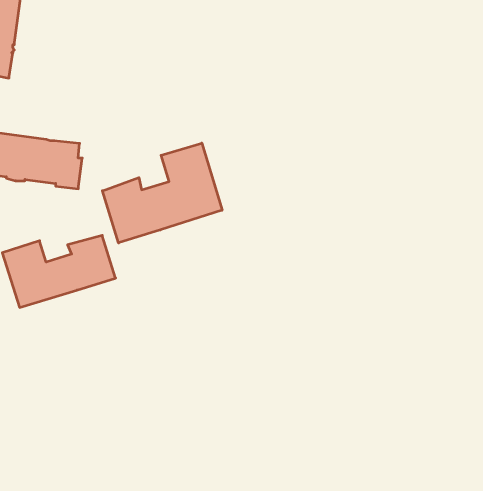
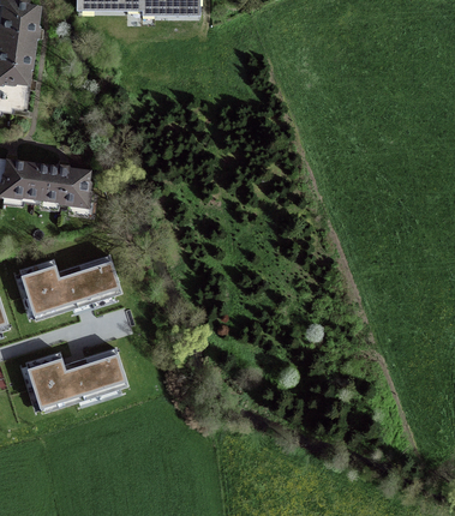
building: [102,143,222,243] -> none
building: none -> [25,344,126,410]

